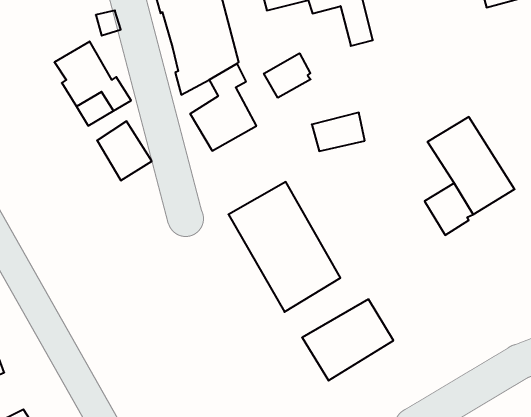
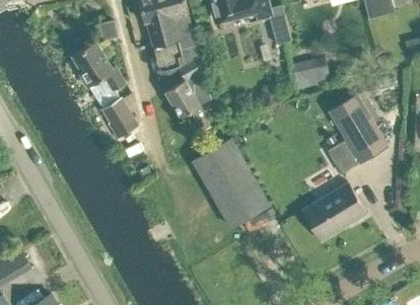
building: [264,53,311,98] -> none
building: [312,113,365,151] -> [291,57,328,83]
building: [302,299,393,381] -> [301,183,364,239]

